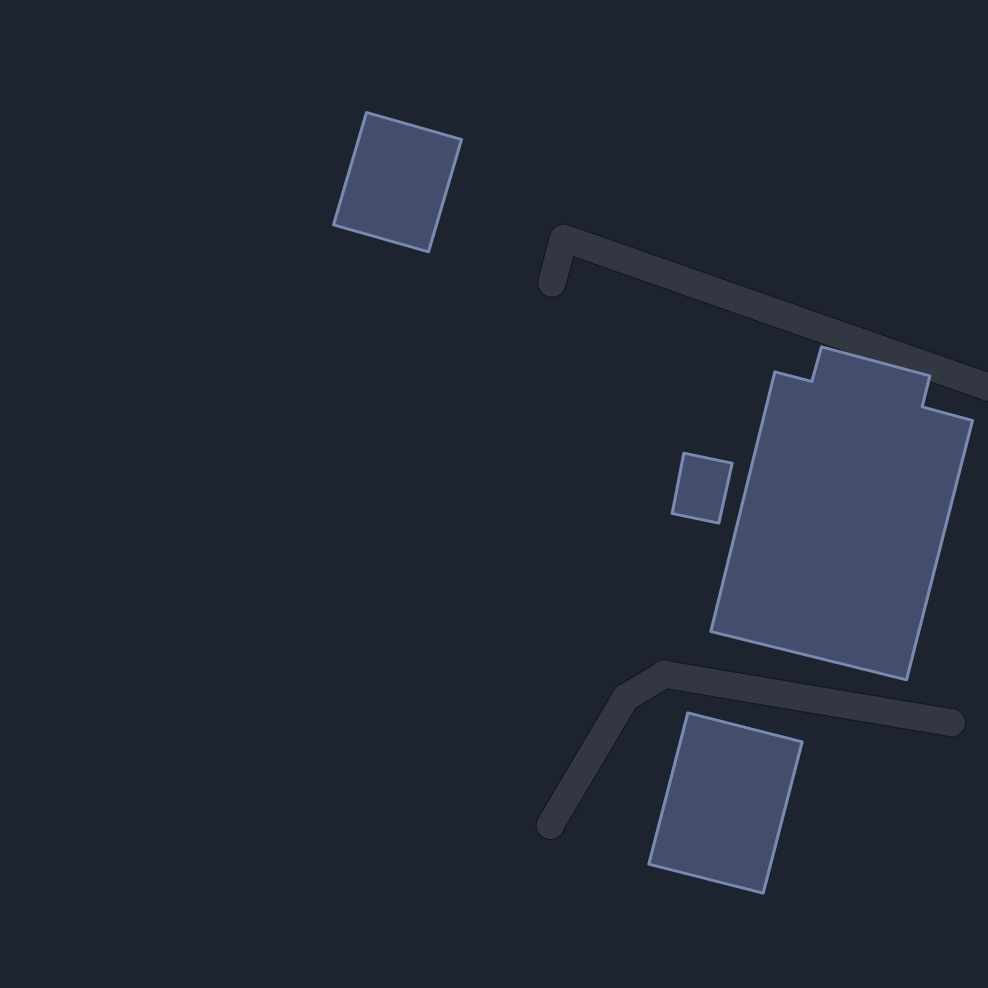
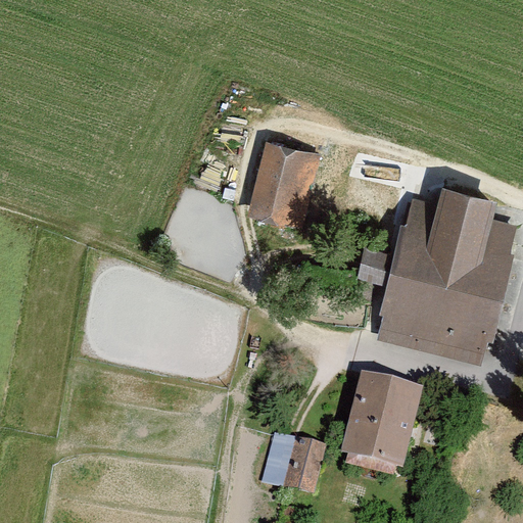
building: [334,112,461,252] -> [247,143,315,217]
building: none -> [263,433,326,496]

